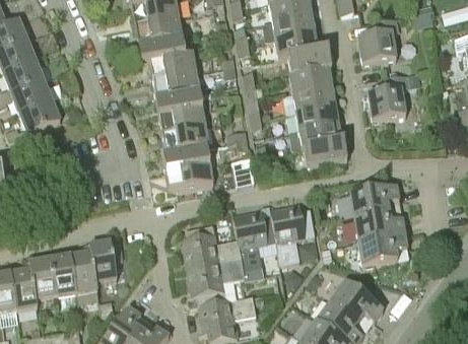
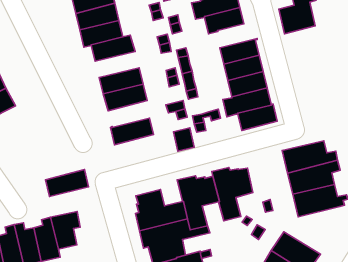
building: [288,50,331,75] -> none
building: [151,72,199,97] -> none
building: [366,73,418,122] -> none
building: [161,127,208,153] -> none
building: [165,164,212,191] -> [45,170,88,196]

